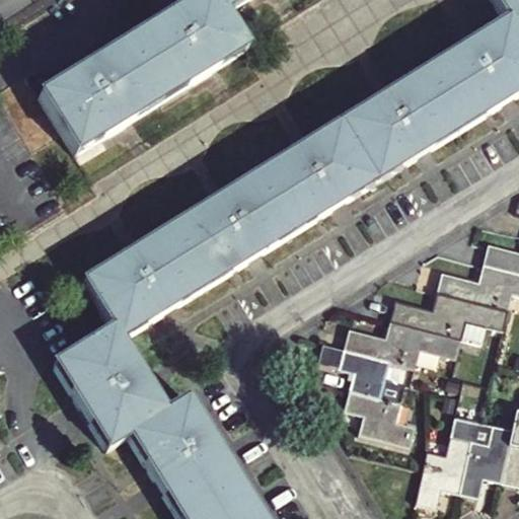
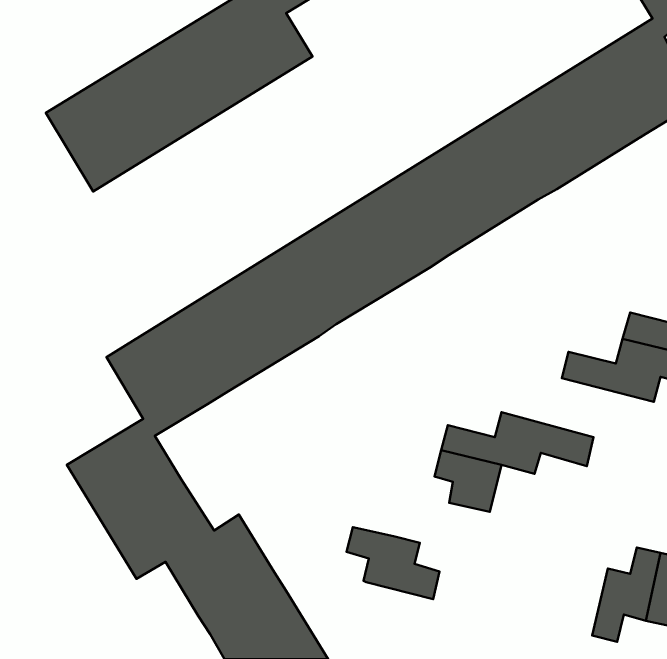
building: [390,292,508,338] -> none
building: [345,388,417,444] -> [346,527,440,599]
building: [418,434,472,505] -> none

